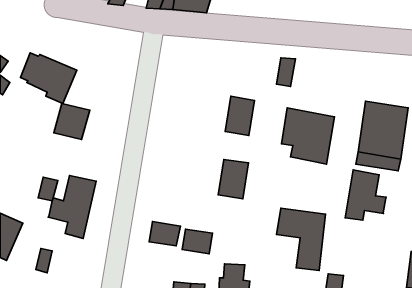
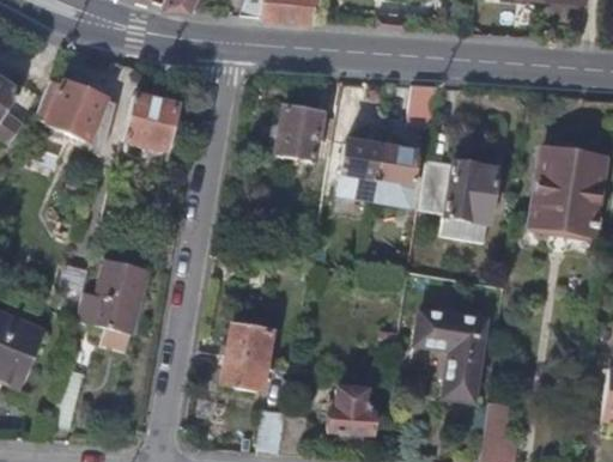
building: none -> [278,107,336,159]
building: [54,103,90,139] -> [123,96,176,148]
building: [218,160,248,199] -> [372,147,417,205]
building: [345,170,386,220] -> none
building: [182,229,212,254] -> [221,354,266,390]

